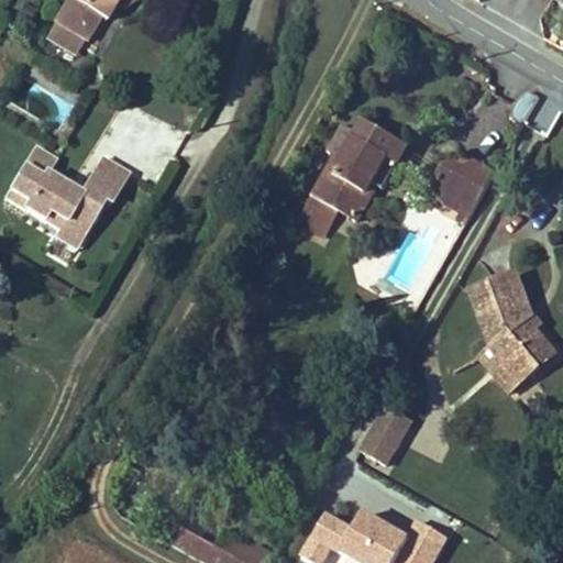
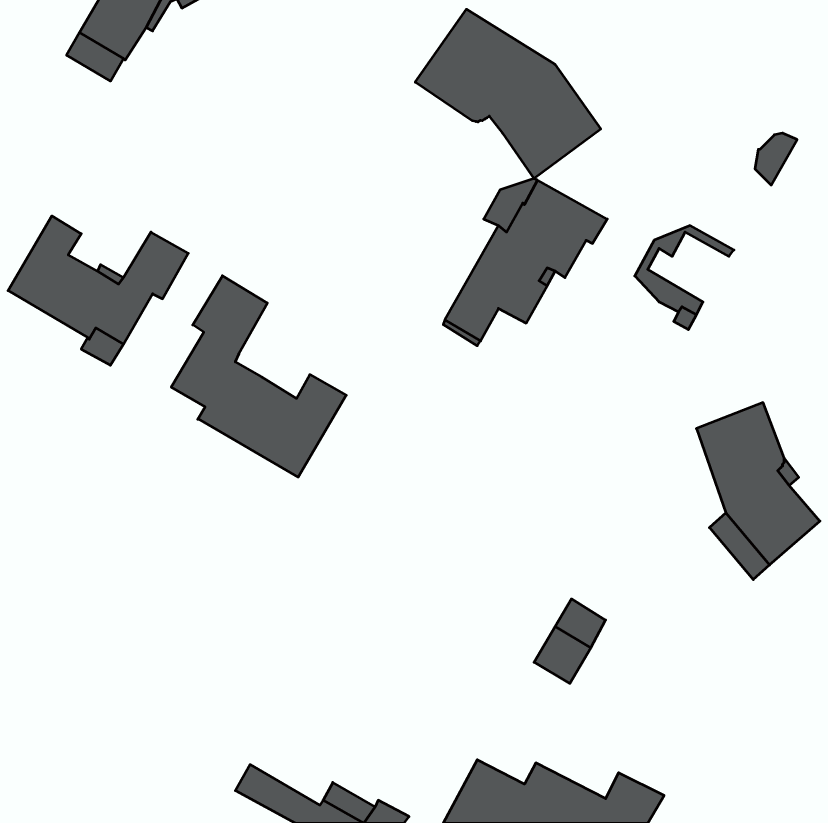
building: none -> [415,9,601,179]
building: [440,157,495,205] -> none
building: none -> [171,276,346,477]

